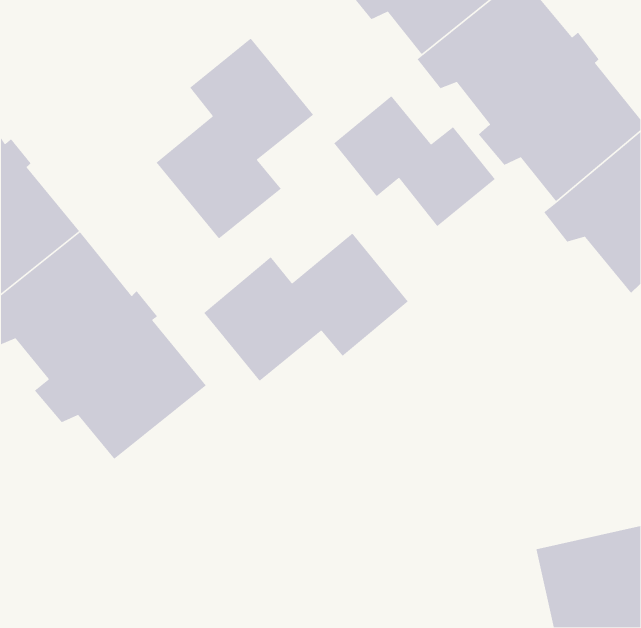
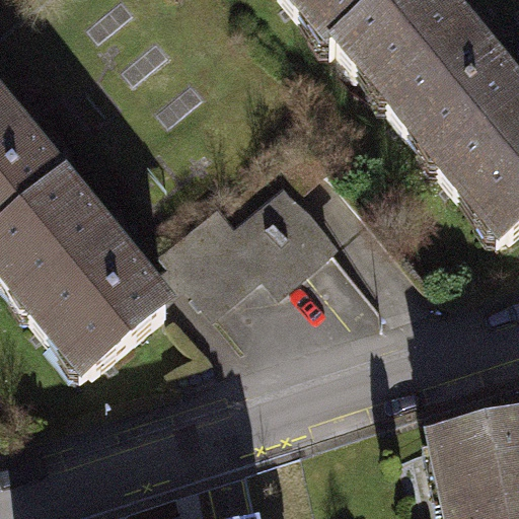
building: [156,38,314,240] -> none
building: [333,95,496,227] -> none

